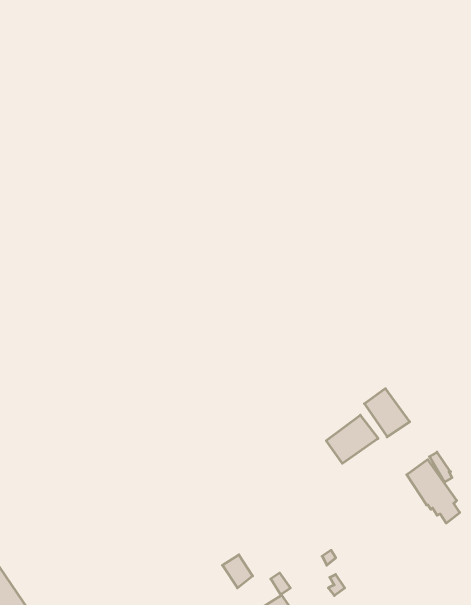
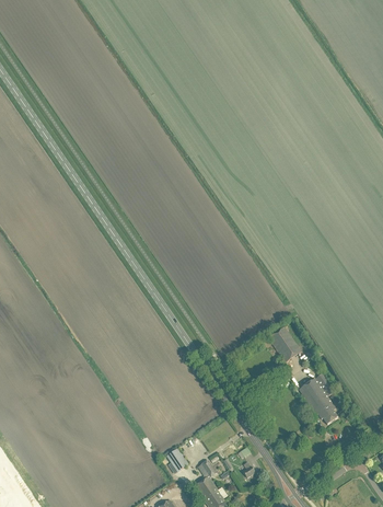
building: [326,415,378,463] -> none

